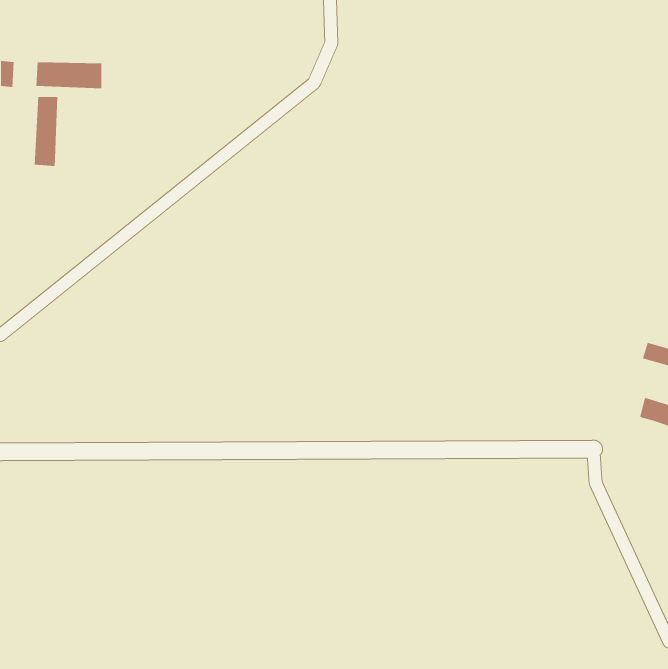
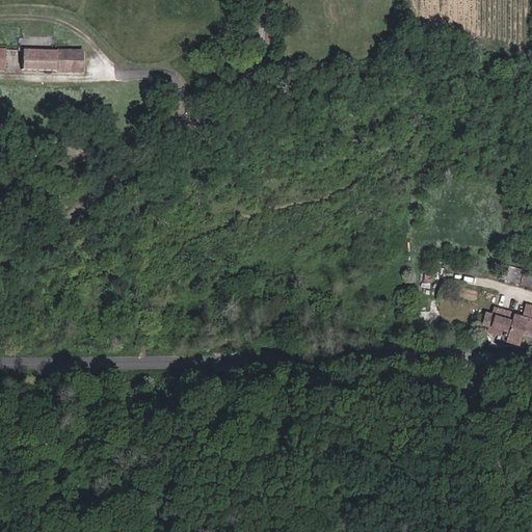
building: [34,96,58,167] -> none
building: none -> [486,310,520,347]

